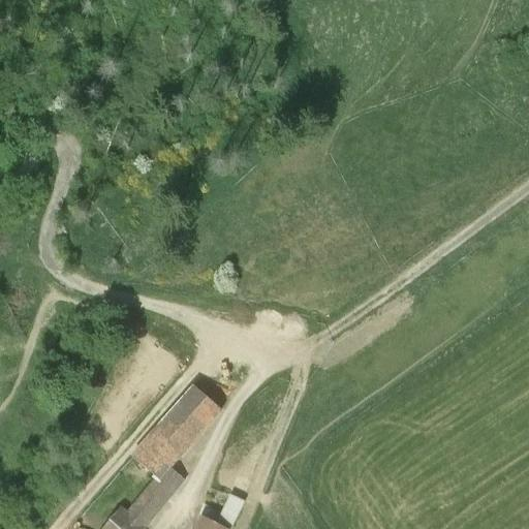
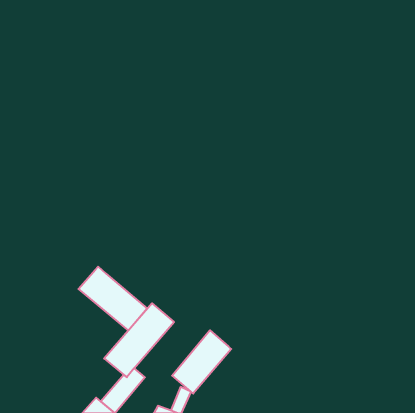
building: none -> [78,267,147,331]
building: none -> [172,330,231,394]

